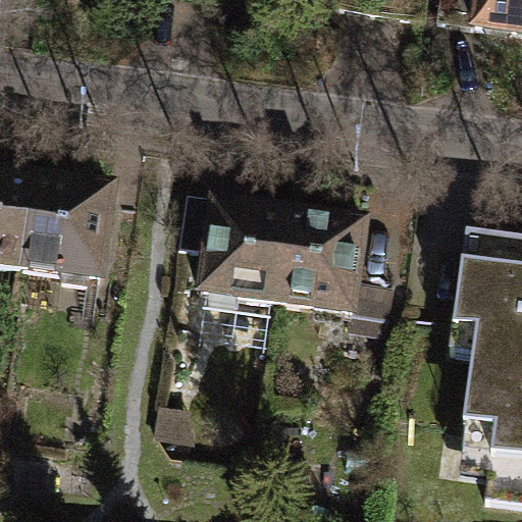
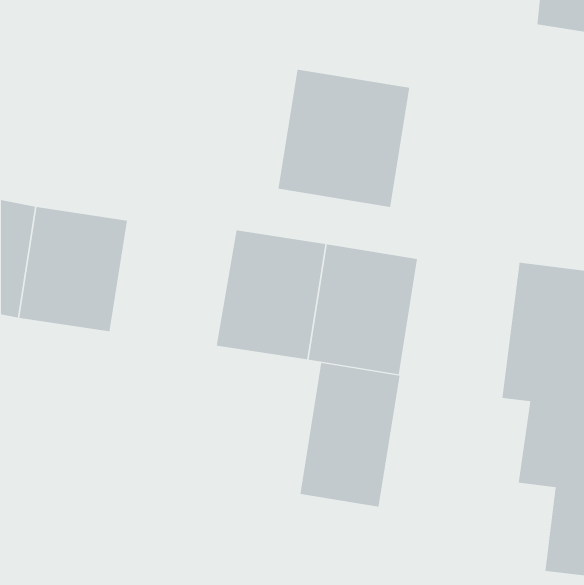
building: none -> [278,69,410,208]
building: none -> [300,362,400,508]

